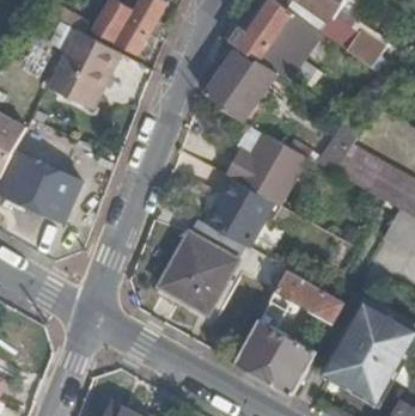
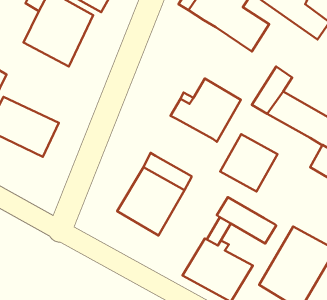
building: [209,51,271,117] -> none
building: [200,177,268,245] -> [220,134,277,191]

